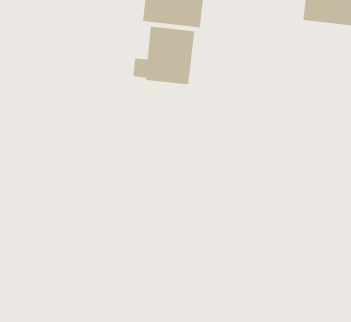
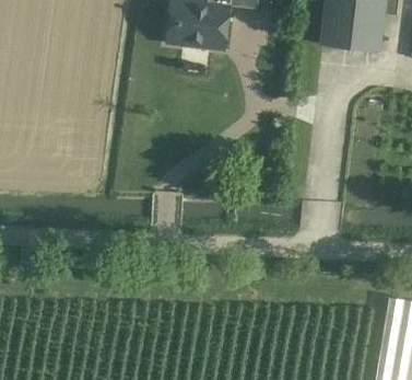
building: [133,26,195,85] -> none

